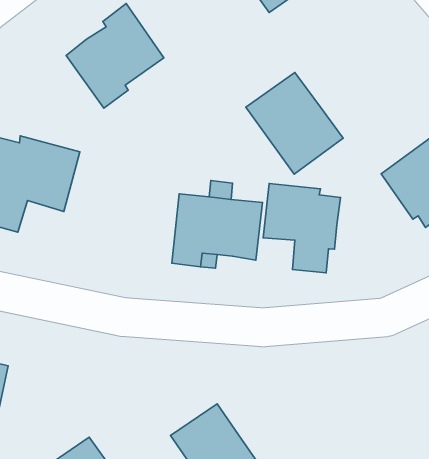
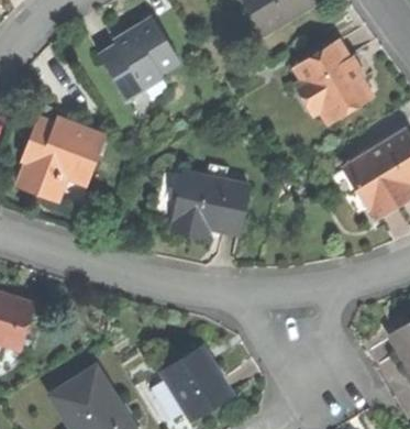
building: [246,72,343,174] -> [295,42,372,124]
building: [263,183,340,273] -> none

